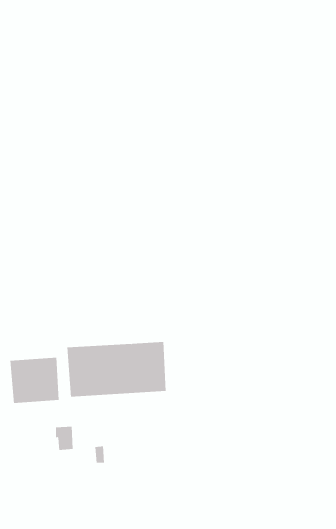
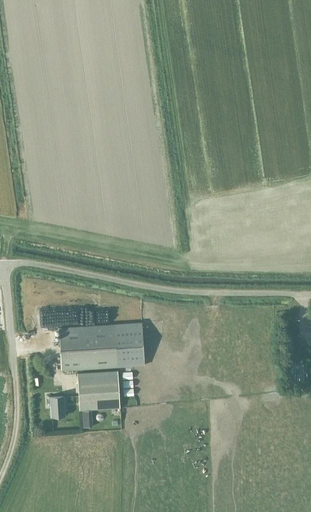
building: [10,357,59,404] -> [77,371,120,411]

